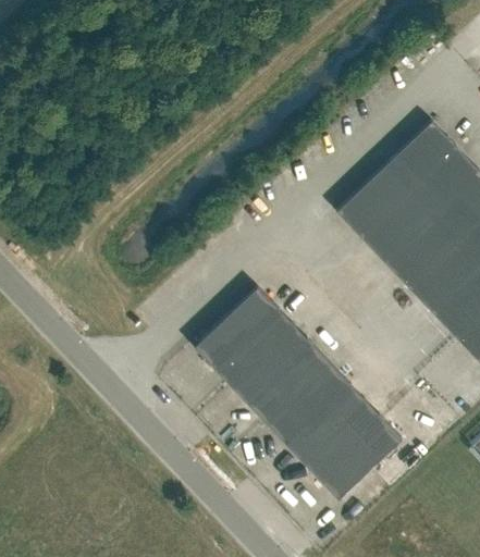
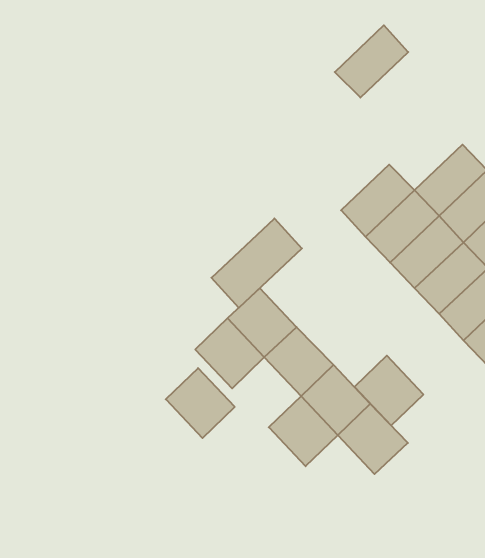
building: [385,122,457,193] -> [335,25,408,98]
building: none -> [211,218,302,308]
building: [232,356,299,424] -> [166,368,235,438]
building: [304,432,371,500] -> [354,356,423,426]

